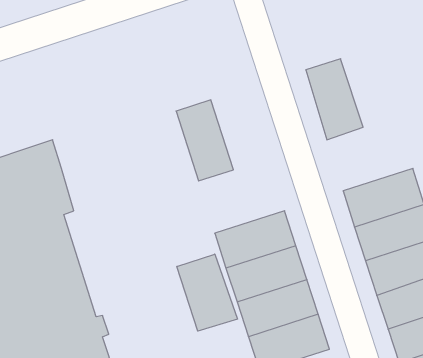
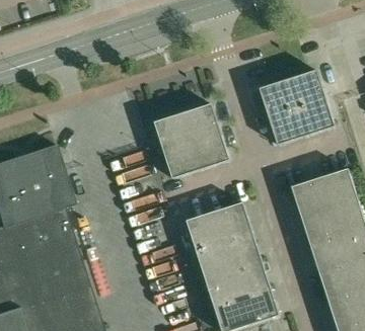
building: none -> [289,71,336,136]
building: none -> [184,104,230,170]
building: [177,254,237,331] -> none

